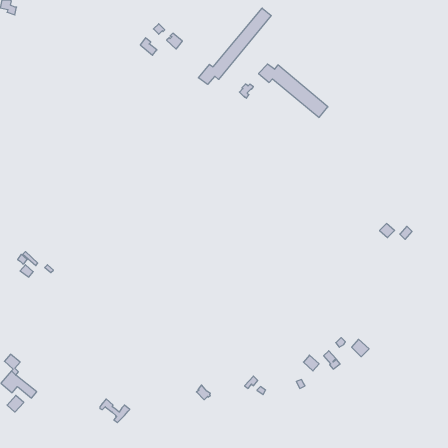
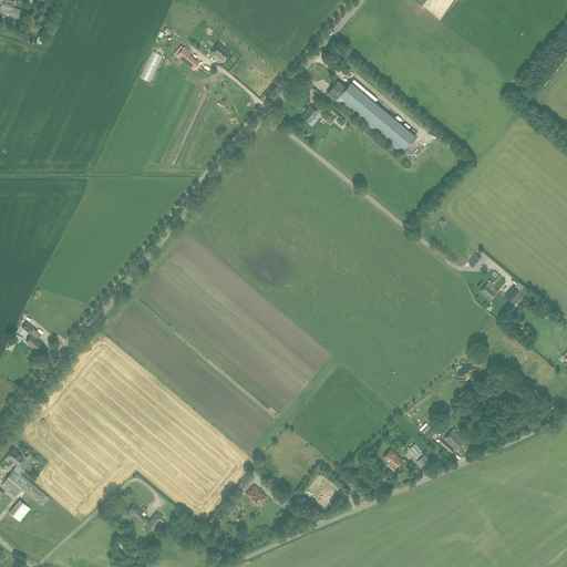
building: [198,8,271,84] -> none

